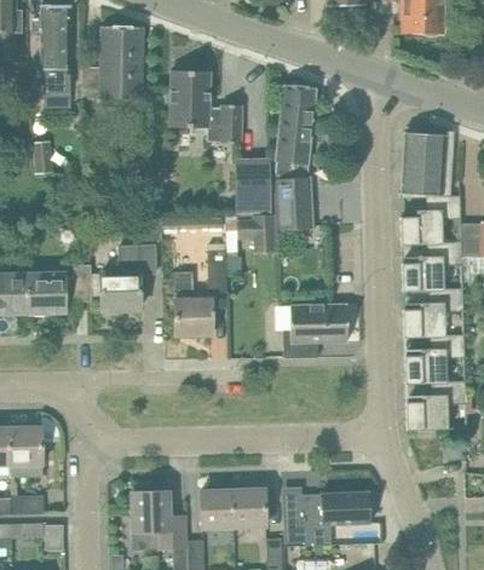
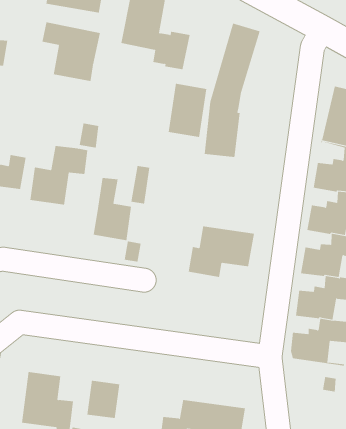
building: none -> [42,21,100,82]
building: [238,212,277,252] -> none
building: [232,488,266,526] -> none

